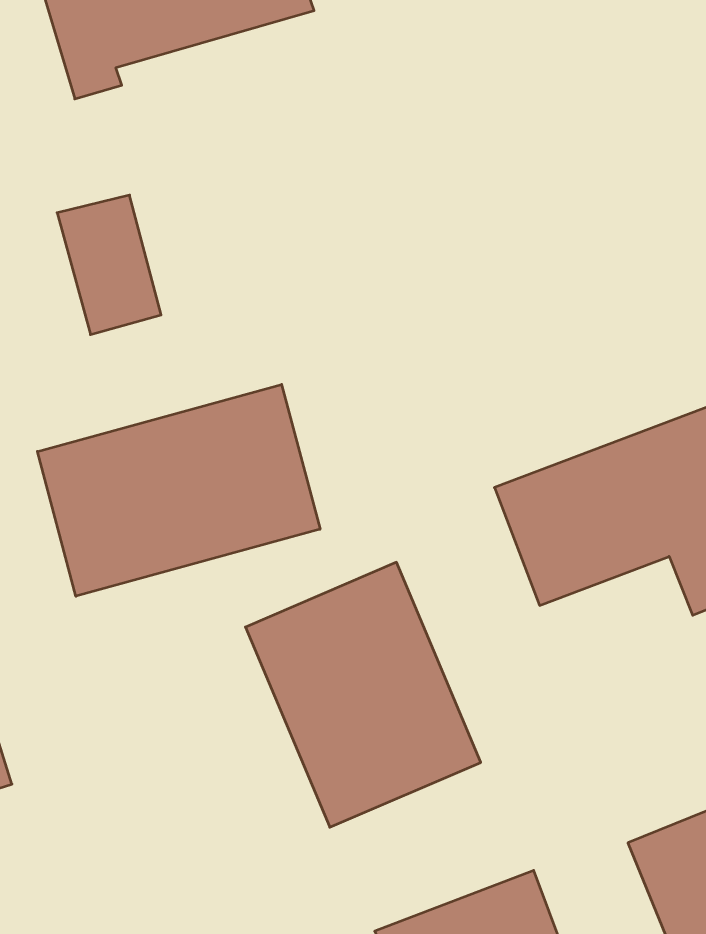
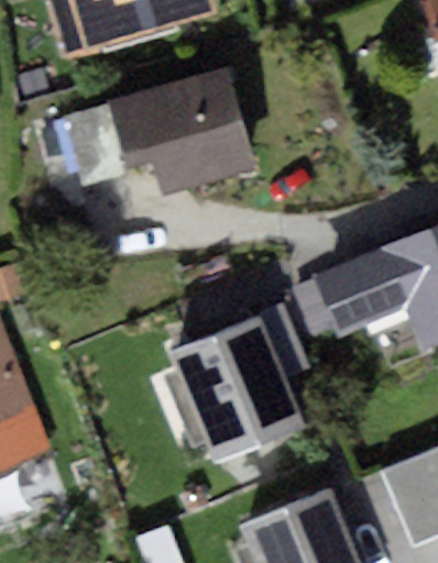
building: none -> [112,76,250,192]
building: [37,384,320,596] -> none

